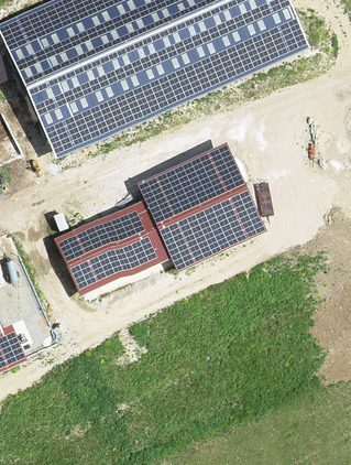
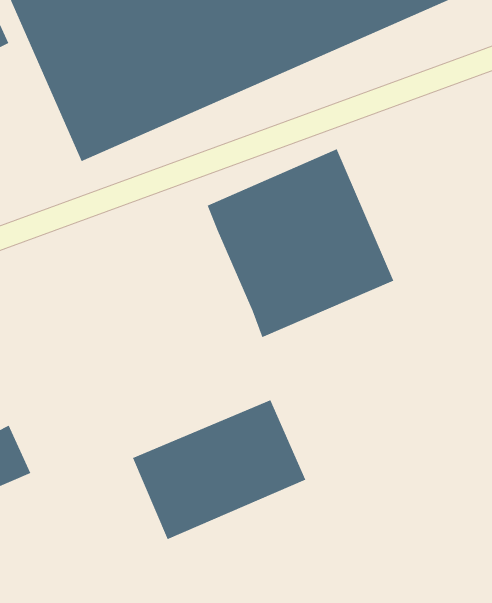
building: [55,199,169,292] -> [132,399,306,540]

